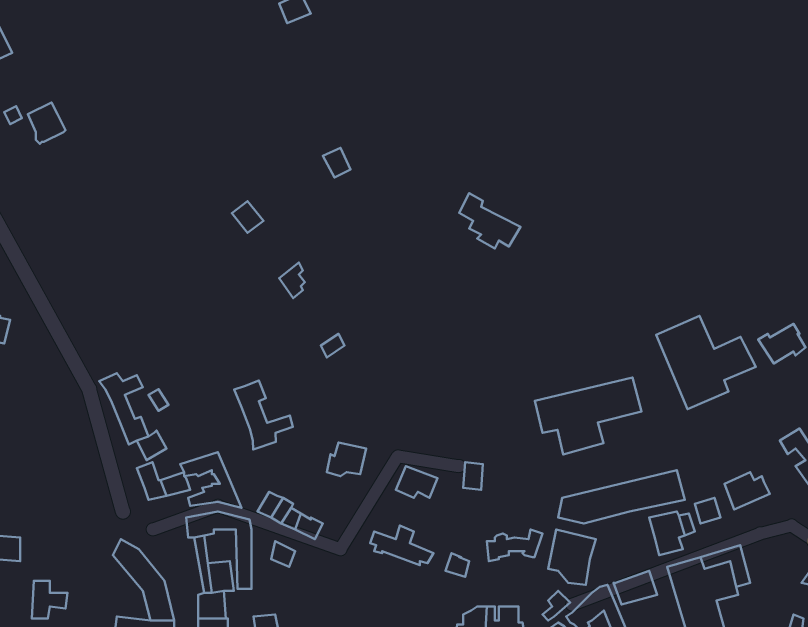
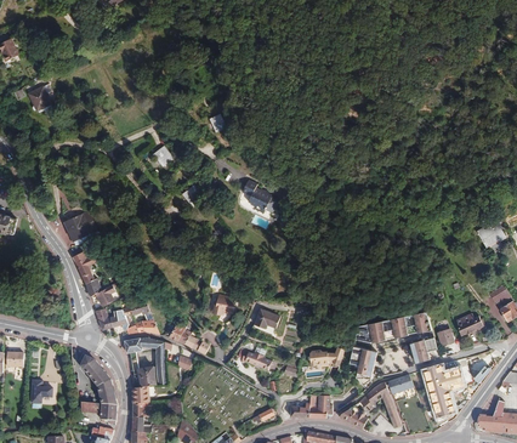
building: [459,193,521,248] -> [242,178,279,212]
building: none -> [64,209,97,244]
building: [656,316,756,409] -> none
building: [535,378,641,455] -> none
building: [234,380,293,449] -> none

